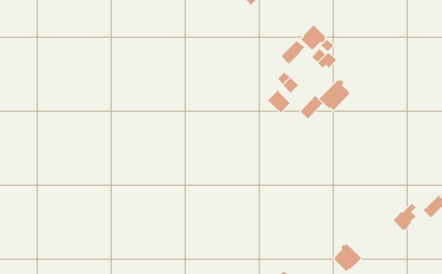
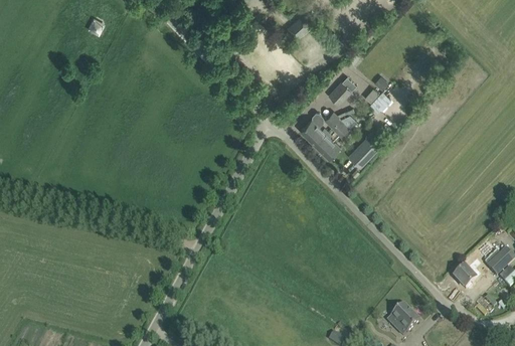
building: [300,25,326,50] -> none
building: none -> [300,112,327,144]
building: [319,79,350,111] -> none

